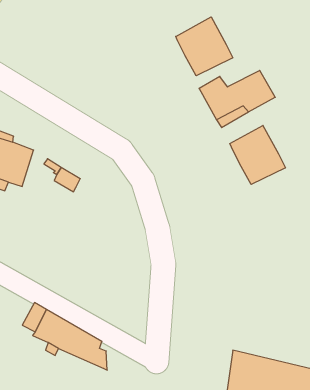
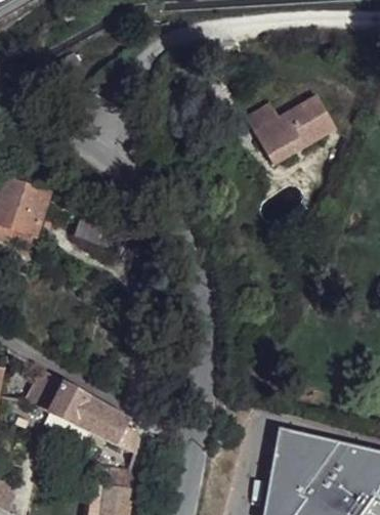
building: [176,17,233,76] -> none
building: [230,125,285,184] -> none

